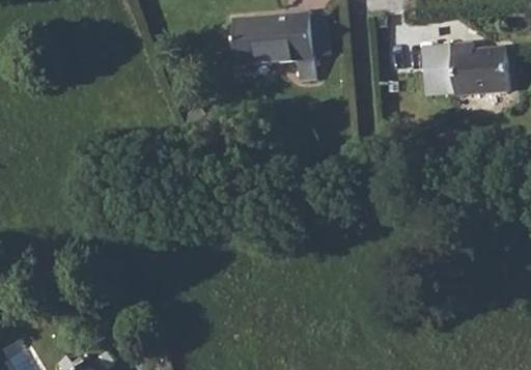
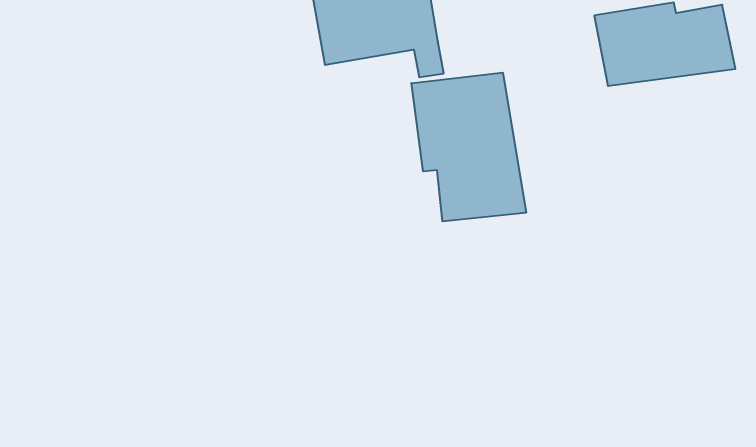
building: none -> [411,73,526,221]

